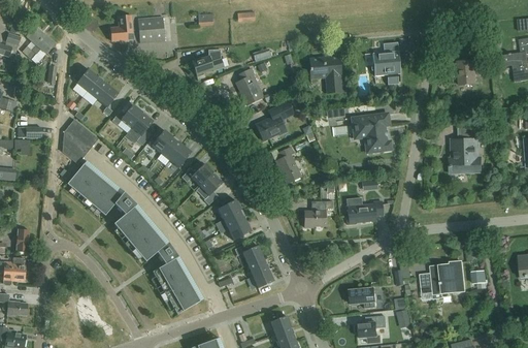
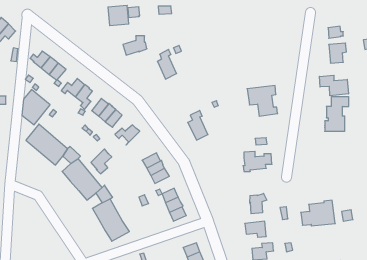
building: [111,15,133,40] -> none
building: [138,17,165,42] -> [108,5,129,26]
building: [372,50,400,85] -> none
building: [309,54,341,93] -> none
building: none -> [319,75,348,96]
building: [256,101,294,140] -> none
building: [196,172,223,204] -> [91,149,112,174]
building: [304,201,333,228] -> none
building: none -> [250,193,267,214]

